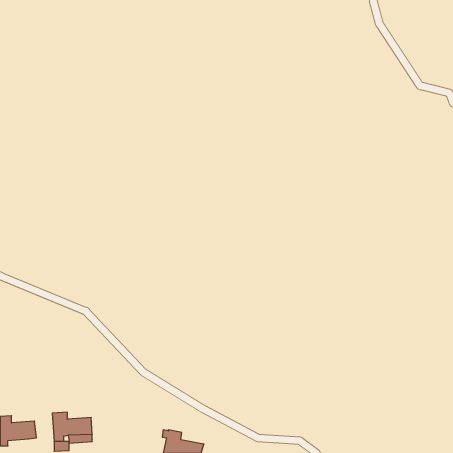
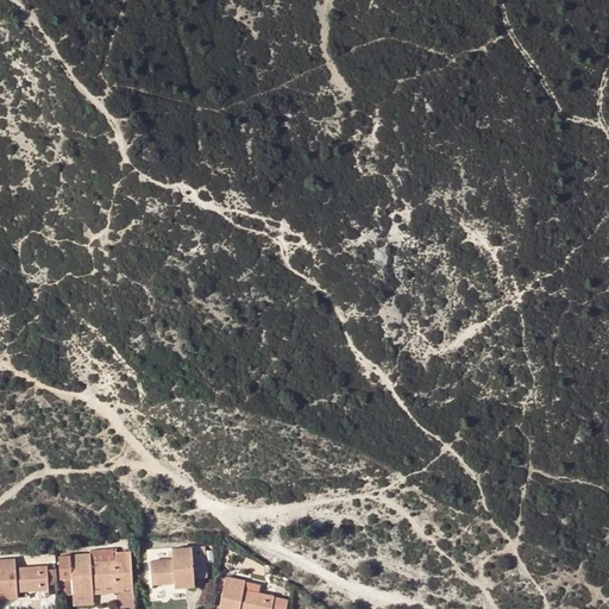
building: none -> [150,546,203,585]
building: none -> [90,548,133,590]

